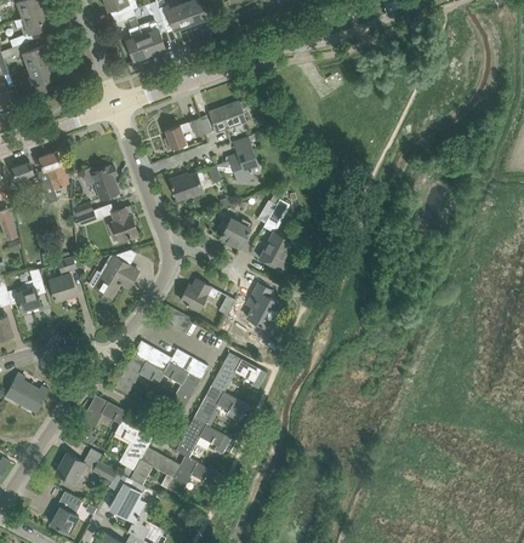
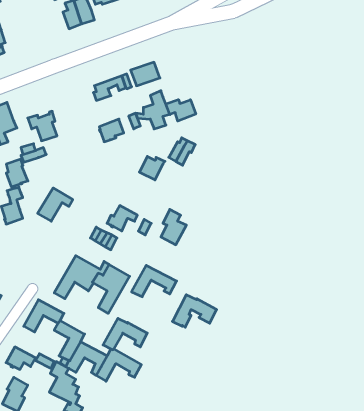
building: none -> [166,100,196,121]
building: [110,206,137,240] -> [6,159,28,187]
building: [260,233,291,269] -> none
building: [193,385,247,425] -> [172,295,217,327]

